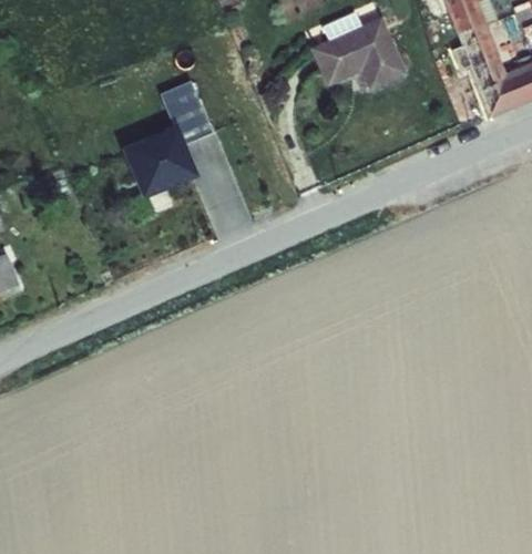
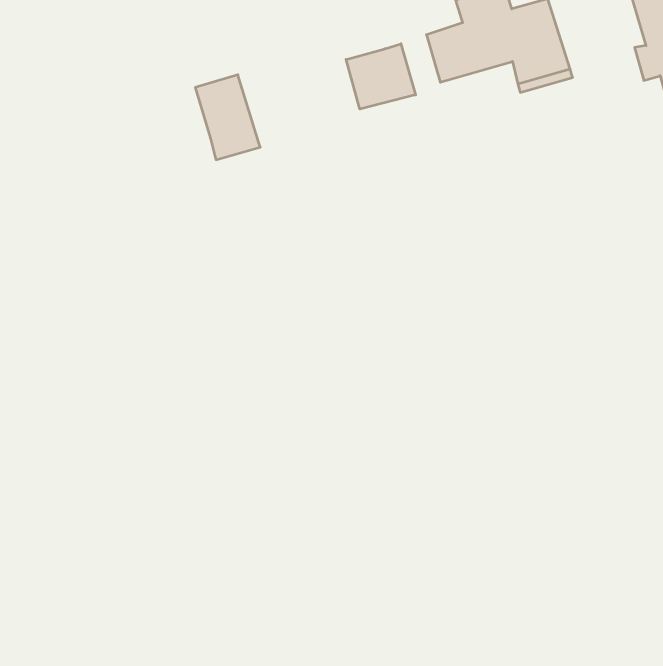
building: none -> [346,44,416,109]
building: [117,137,185,202] -> none

